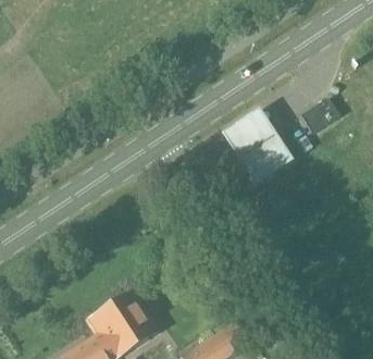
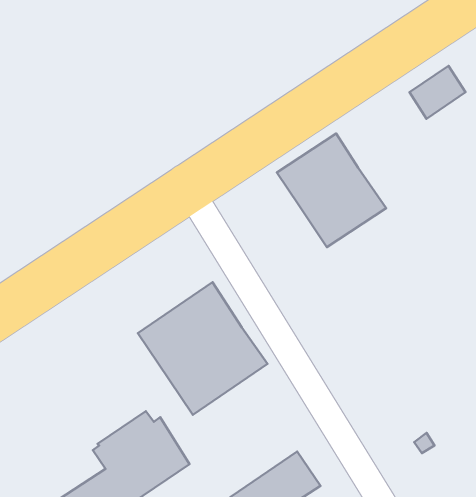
building: [300,97,339,134] -> [409,66,466,119]
building: none -> [138,282,268,415]

